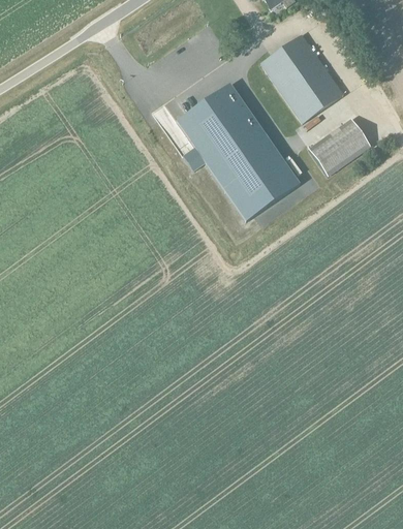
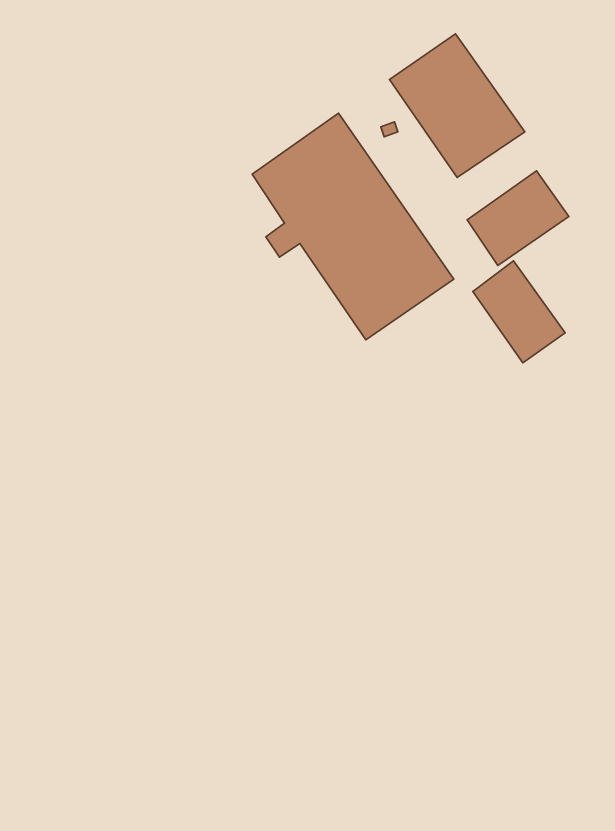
building: none -> [473,261,565,363]

